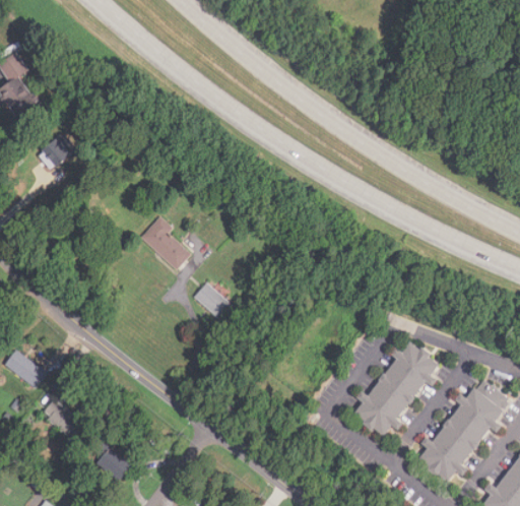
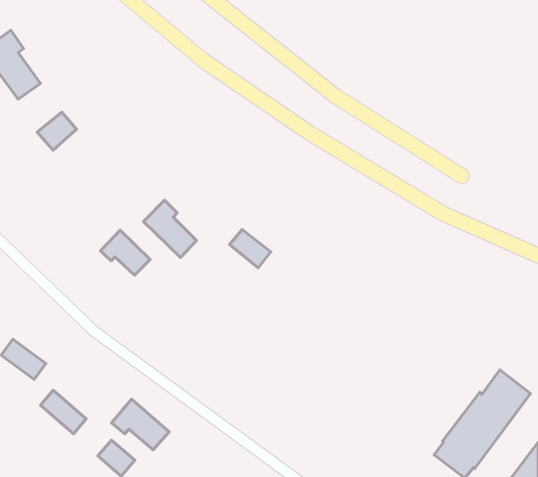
building: none -> [100,230,150,275]
building: [193,283,233,320] -> [229,230,271,268]
building: [353,341,440,437] -> none
building: none -> [111,399,169,450]

